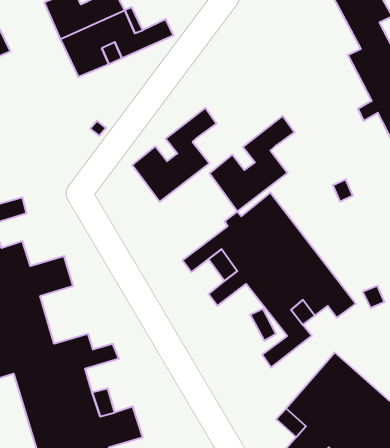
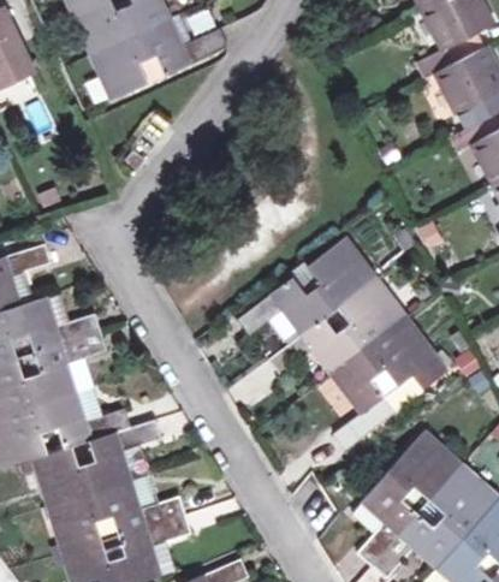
building: [132,108,217,202] -> none
building: [209,116,295,211] -> none

